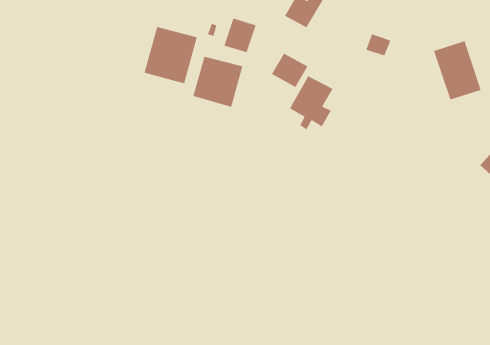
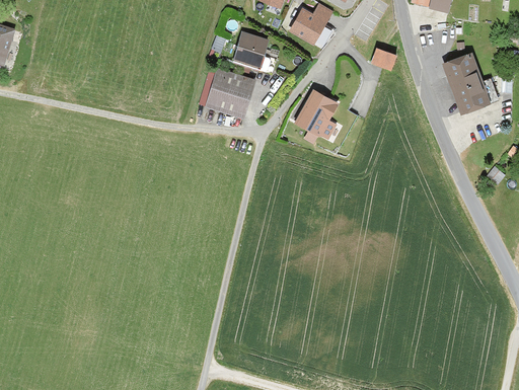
building: [144,26,197,84] -> none
building: [271,53,308,88] -> none

